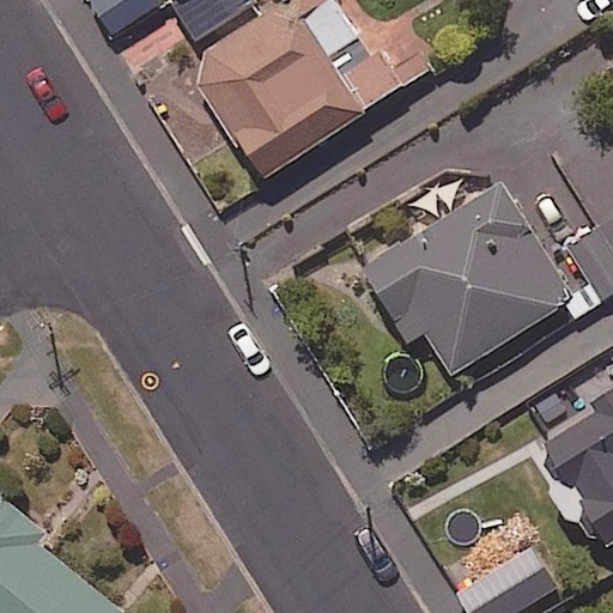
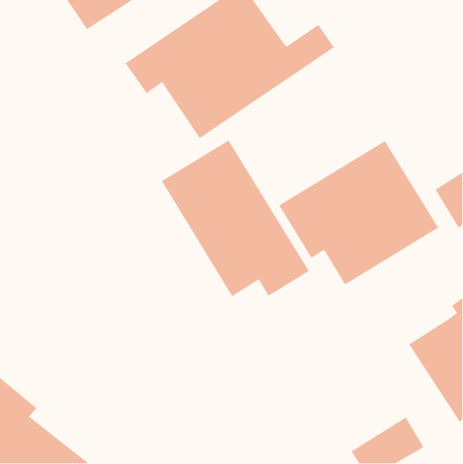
building: none -> [161,140,310,297]

